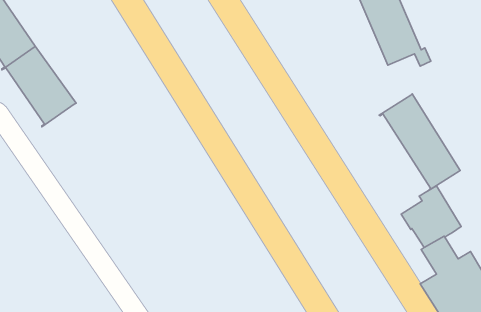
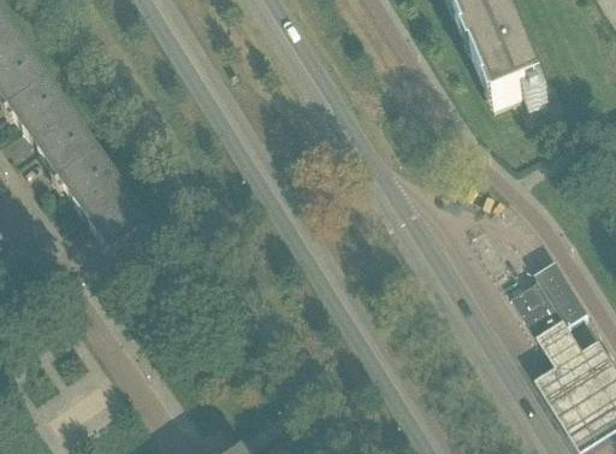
building: [379,94,460,191] -> none
building: none -> [55,147,150,249]

